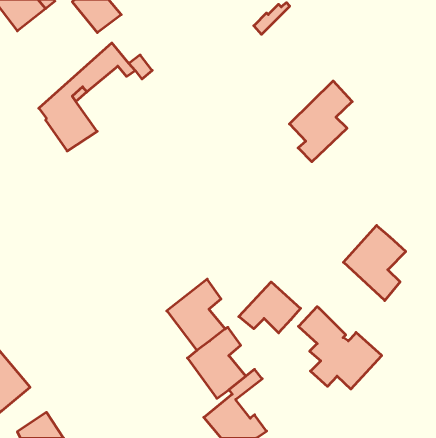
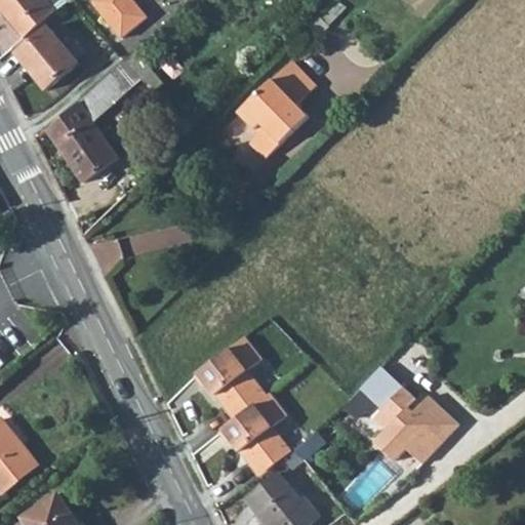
building: none -> [15,26,86,87]
building: [289,81,352,162] -> [240,60,315,157]
building: [343,225,406,301] -> none
building: [239,282,301,333] -> none

